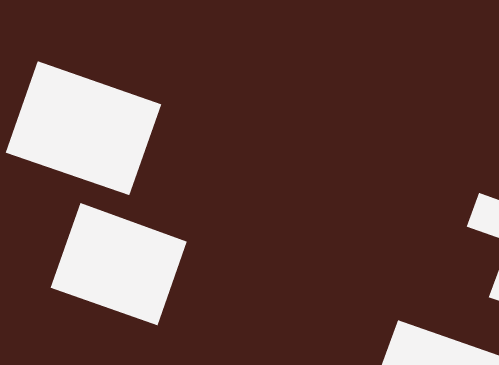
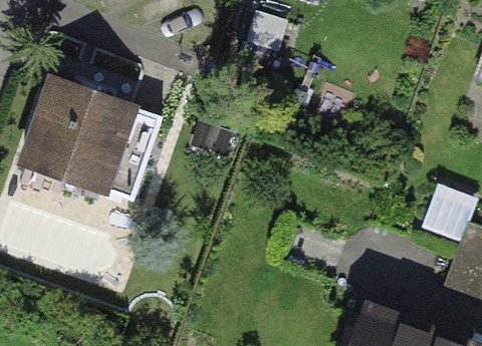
building: [50,202,188,326] -> none

